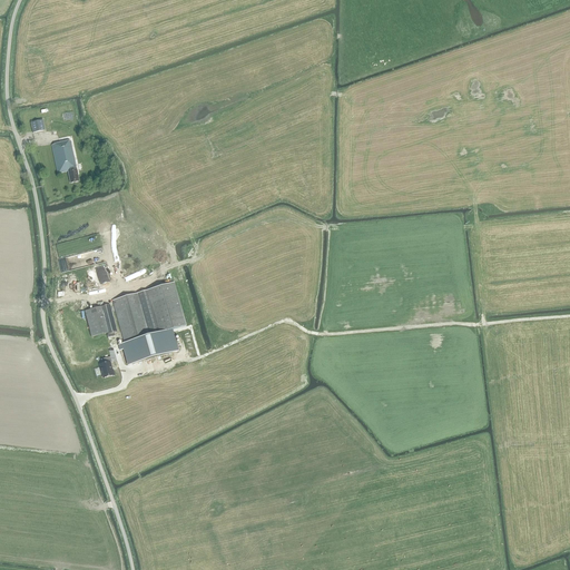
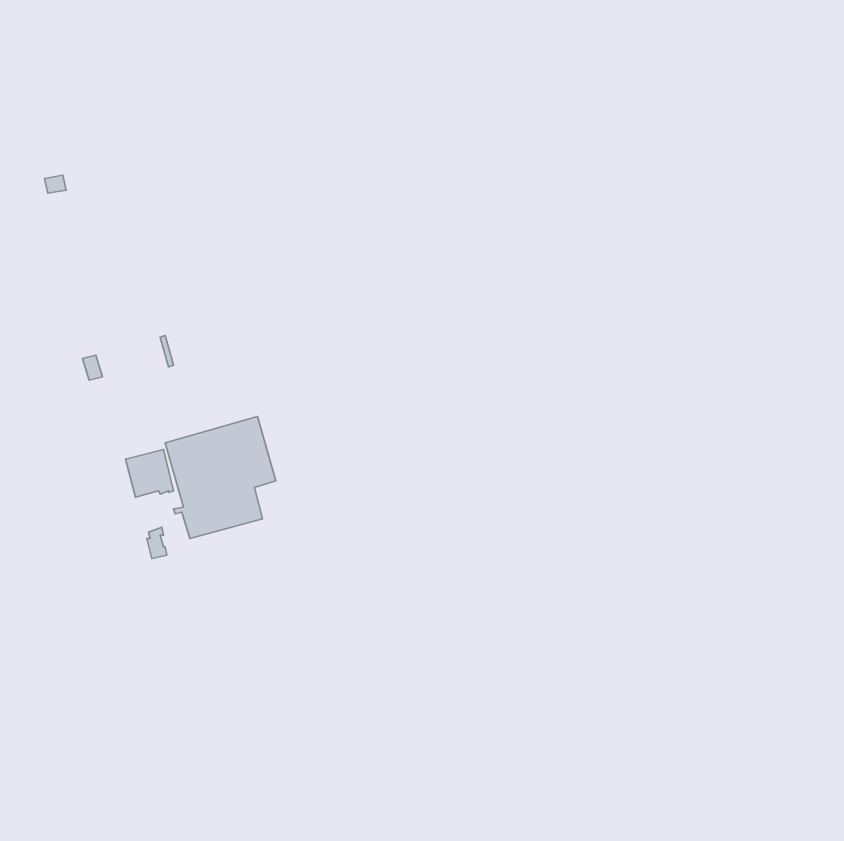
building: [51,139,78,181] -> none

